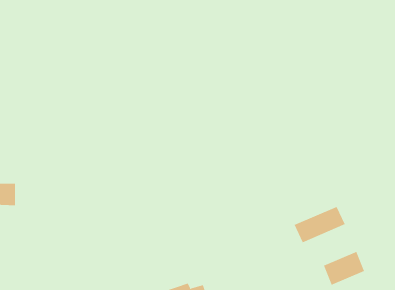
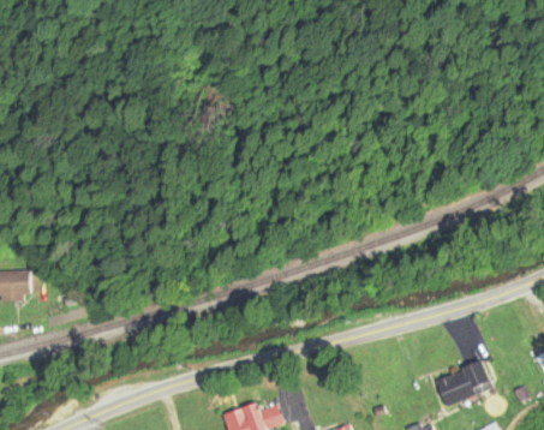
building: [294,206,346,243] -> none

